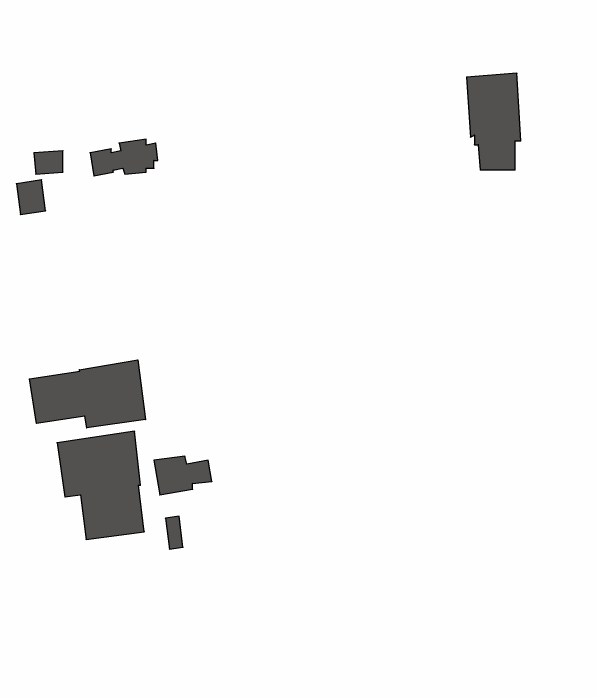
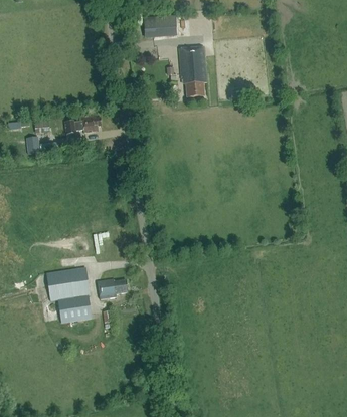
building: [467,73,521,170] -> [178,47,206,97]
building: [29,360,146,428] -> none

